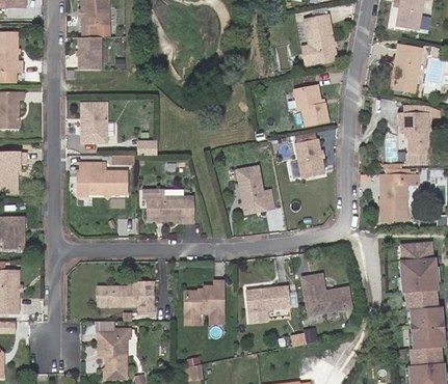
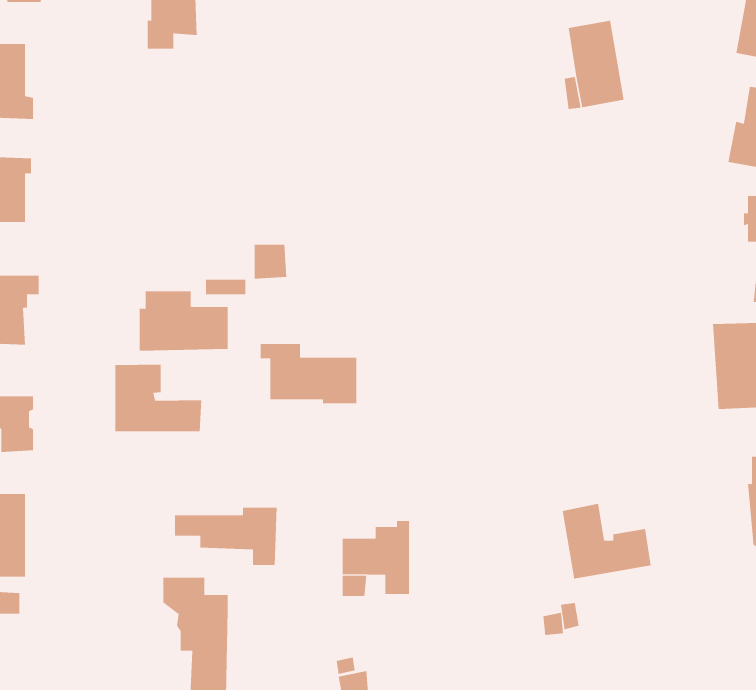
building: [79,37,100,70] -> none
building: [296,88,328,127] -> none
building: [81,104,107,143] -> none
building: [298,142,326,180] -> none
building: [237,170,272,214] -> none
building: none -> [115,364,202,432]
building: [247,287,290,321] -> none

